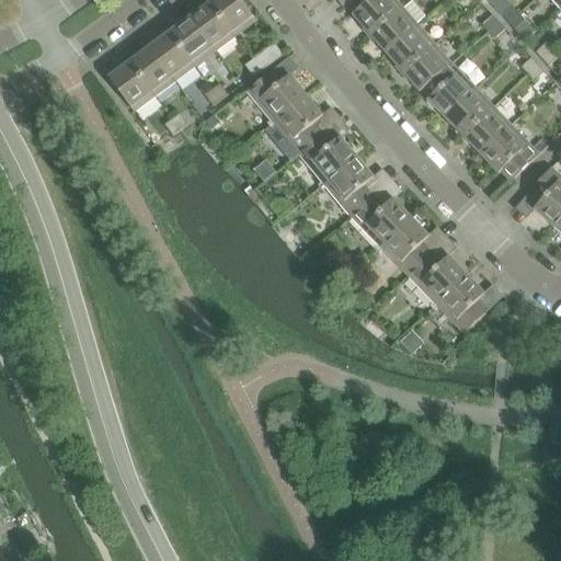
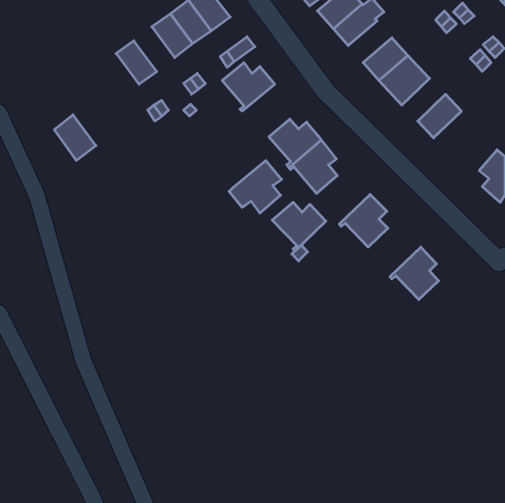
building: [385,23,433,69] -> none
building: [148,30,193,79] -> none
building: [107,59,153,110] -> [54,115,96,160]
building: [444,87,492,134] -> none
building: [263,93,321,151] -> [229,161,282,213]
building: [479,123,537,173] -> none
building: [350,194,409,248] -> [272,202,326,251]
building: [407,252,465,306] -> none

